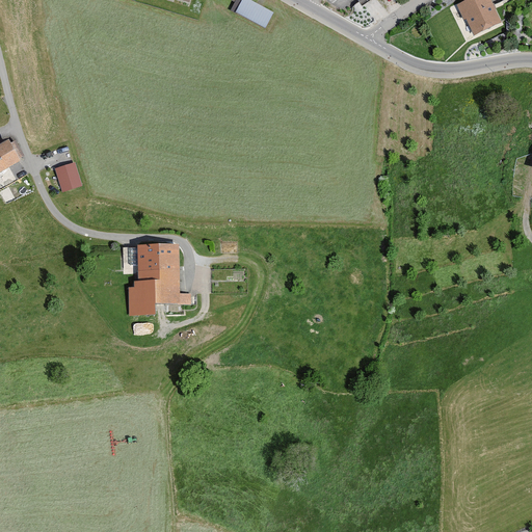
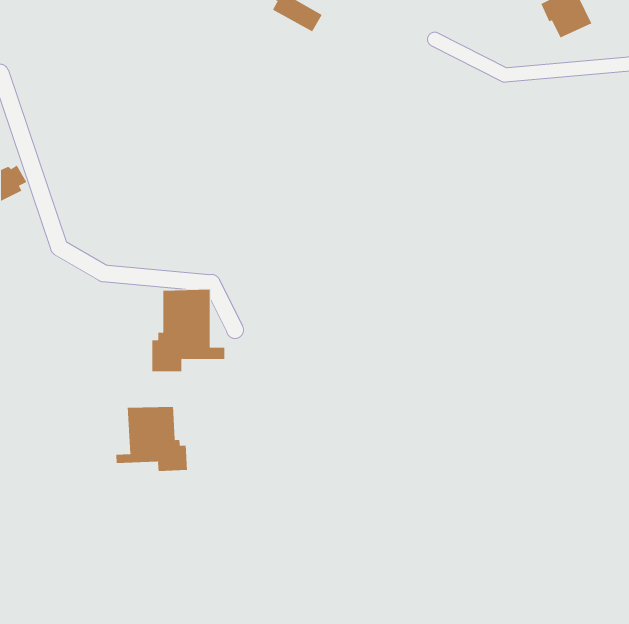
building: [54,161,81,190] -> none
building: none -> [116,406,188,472]

